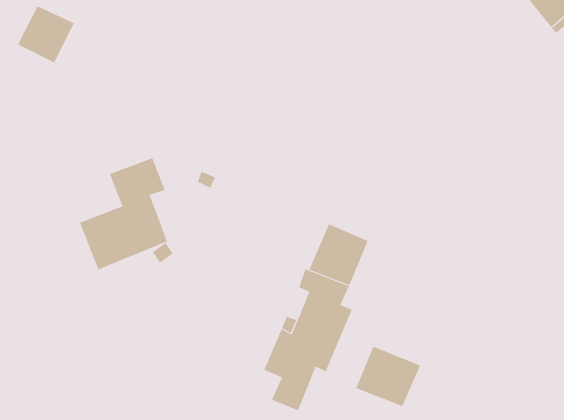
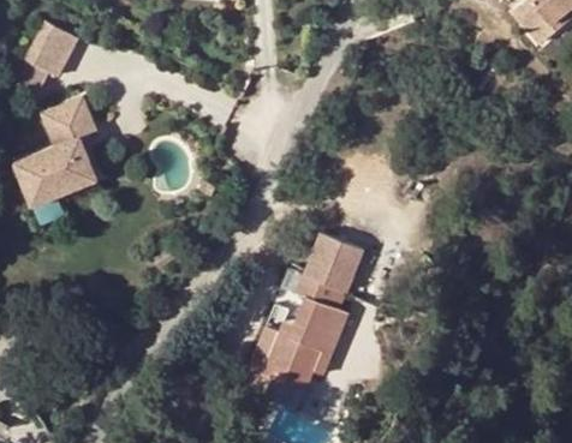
building: [79,157,168,270] -> [14,97,100,205]
building: [356,346,421,407] -> none

